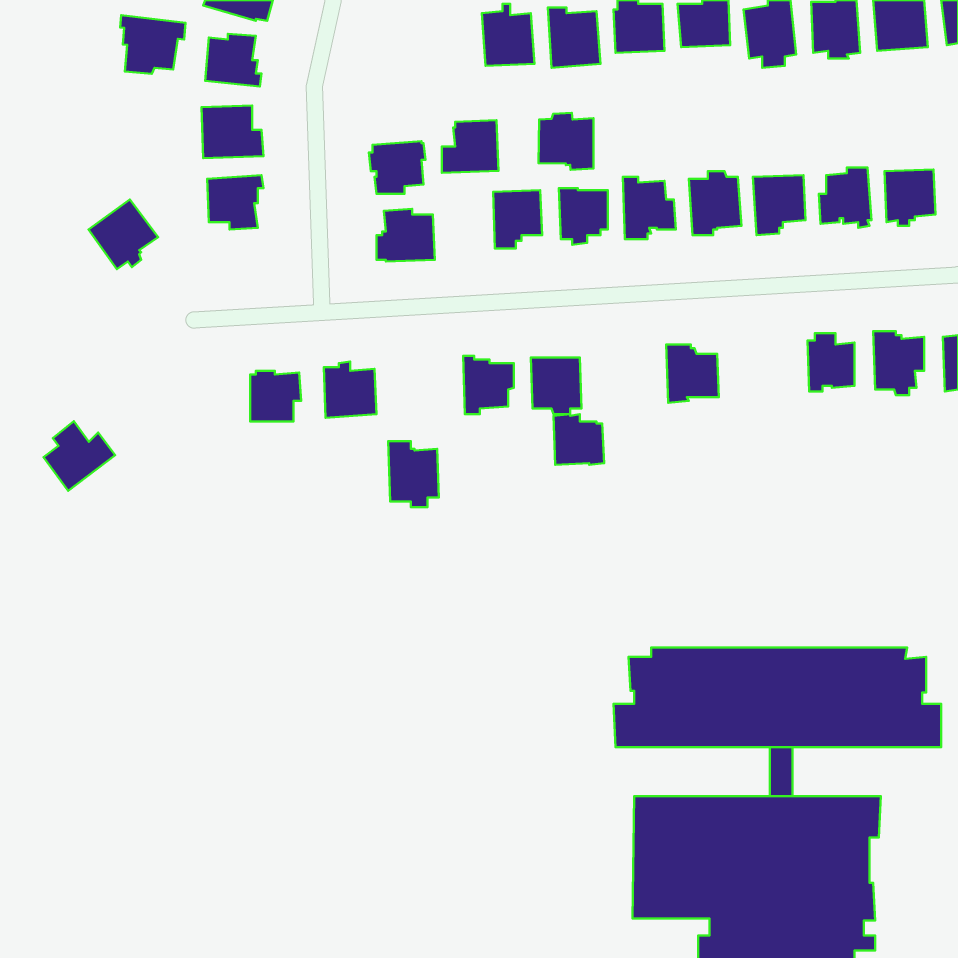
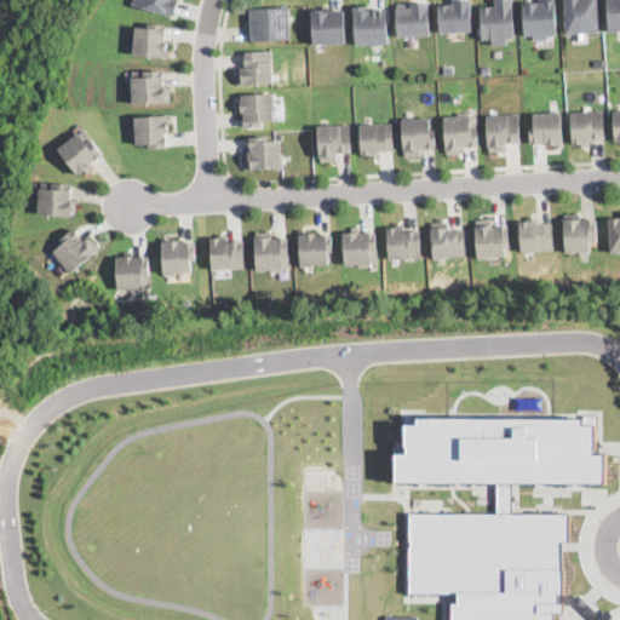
building: none -> [248,8,288,42]
building: [120,15,186,74] -> none
building: [539,113,593,170] -> none
building: [442,120,498,173] -> [235,51,271,85]
building: none -> [34,183,75,217]
building: none -> [475,222,506,258]
building: none -> [114,252,149,293]
building: [553,414,604,465] -> [385,228,418,260]
building: [44,421,115,491] -> [52,229,98,274]
building: [388,441,439,507] -> [253,232,286,275]

